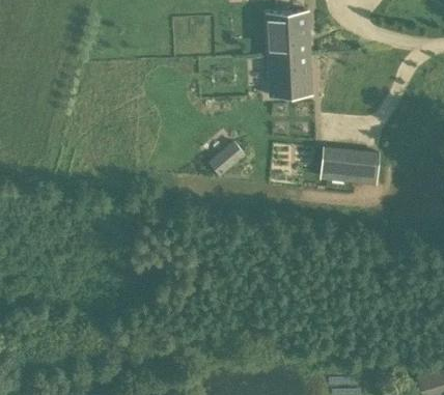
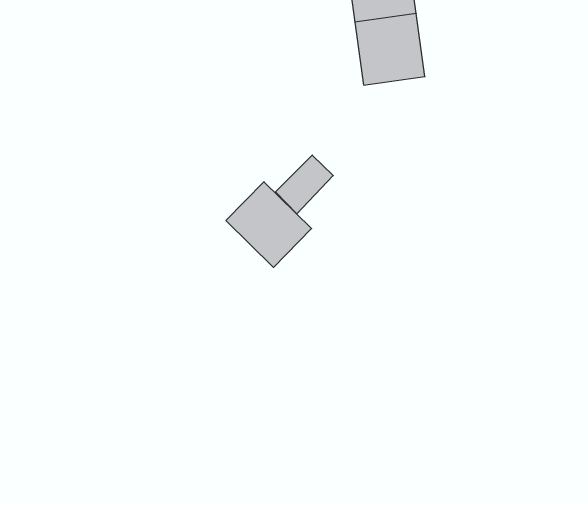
building: [322,148,380,182] -> none
building: none -> [226,182,312,267]

